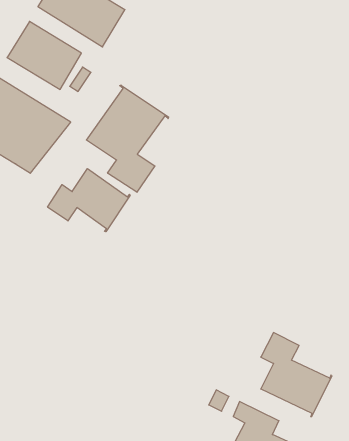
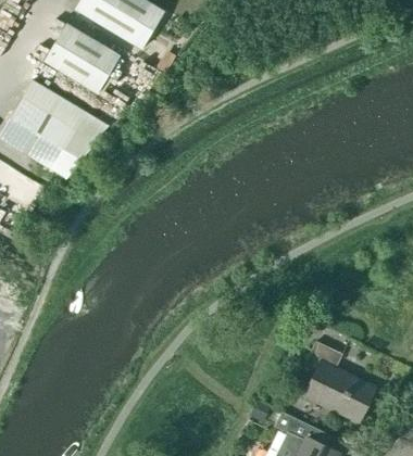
building: [86,85,169,192] -> none
building: [48,169,130,232] -> none

